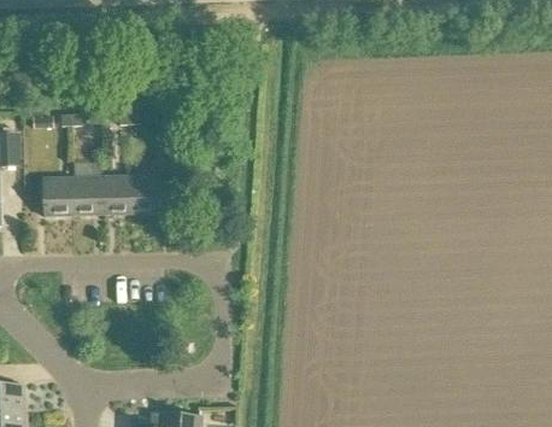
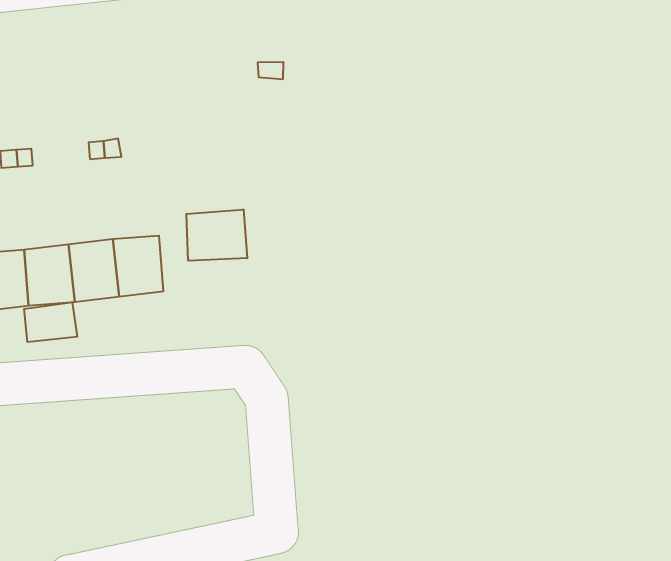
building: none -> [187,209,247,261]
building: none -> [24,302,77,342]

